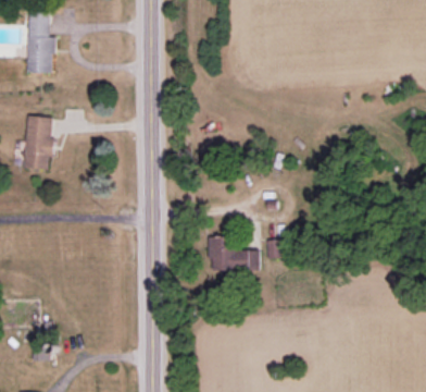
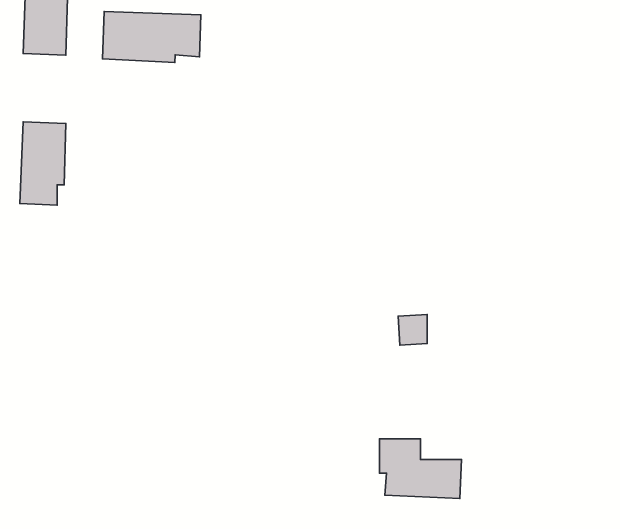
building: none -> [102,12,201,63]
building: [208,236,260,274] -> [380,439,461,499]

